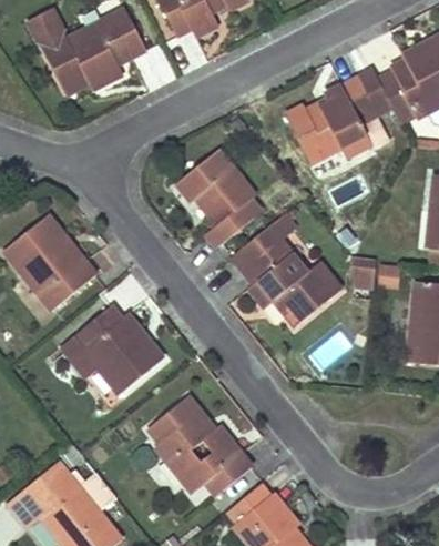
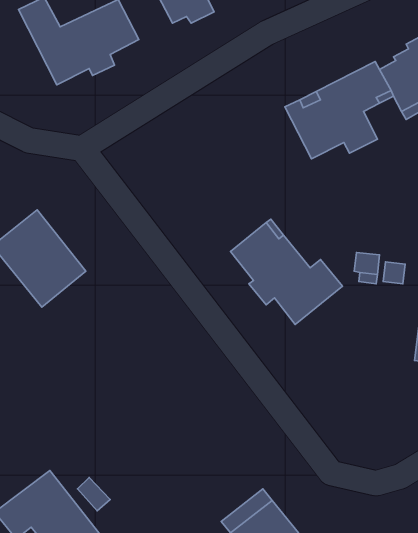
building: [177,149,261,245] -> none
building: [60,306,162,393] -> none
building: [146,396,249,494] -> none

